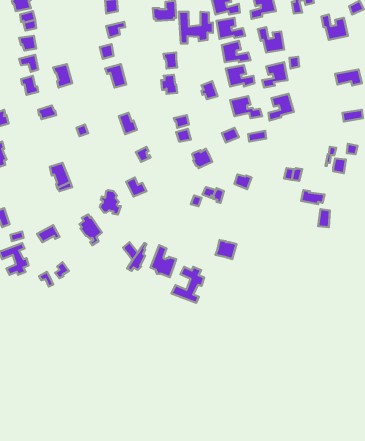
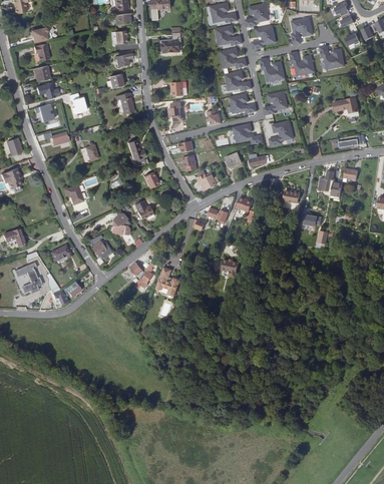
building: [179,12,213,44] -> none
building: none -> [289,51,314,75]
building: [172,267,204,303] -> none

